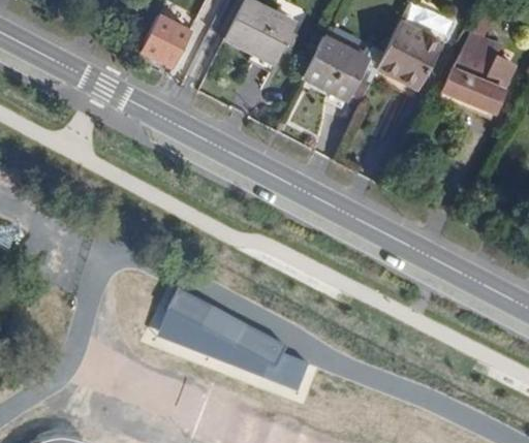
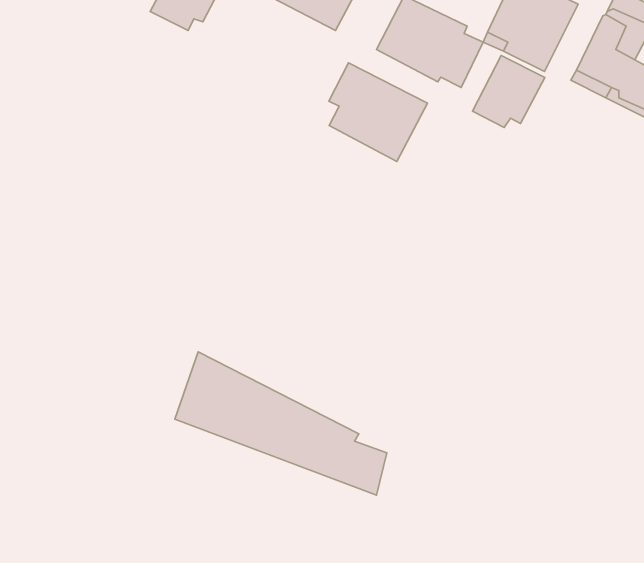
building: none -> [472,56,545,128]
building: none -> [329,63,427,161]

